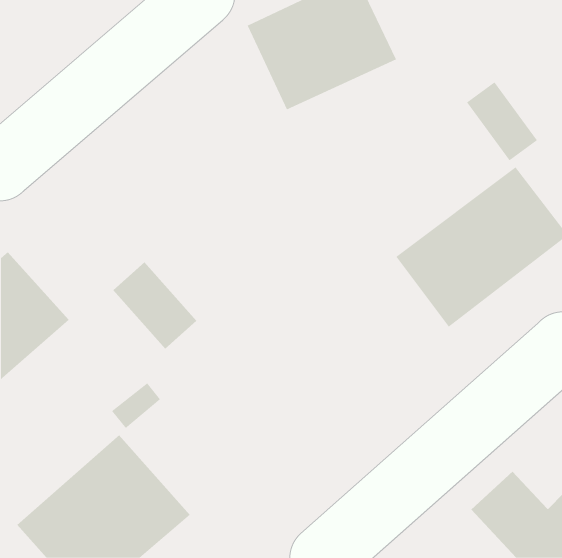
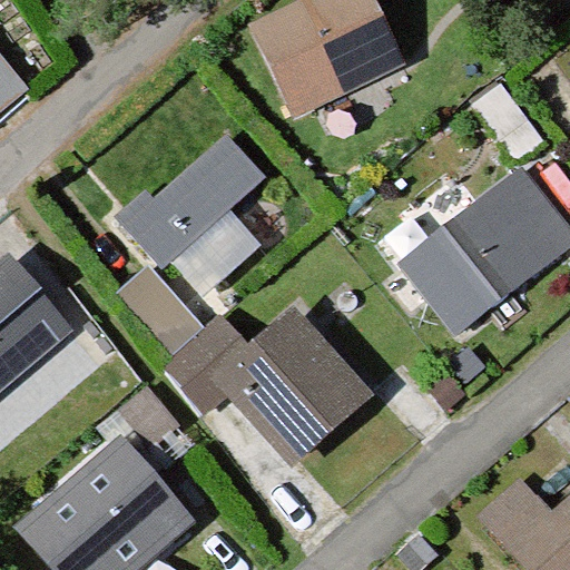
building: none -> [117,136,266,295]
building: none -> [163,309,368,464]

